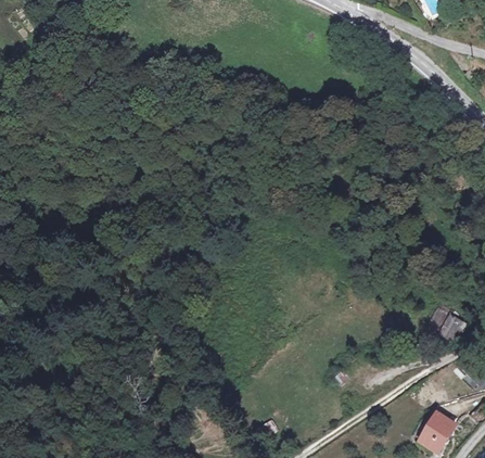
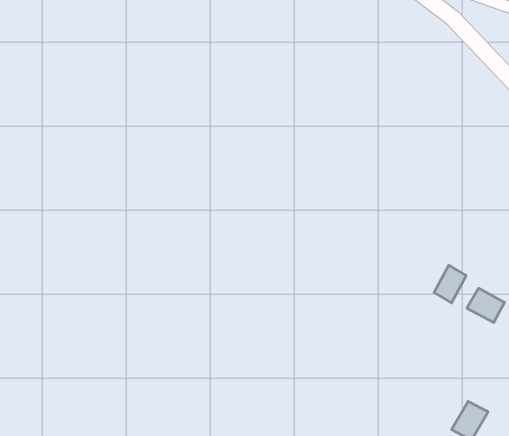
building: none -> [434,265,466,303]

